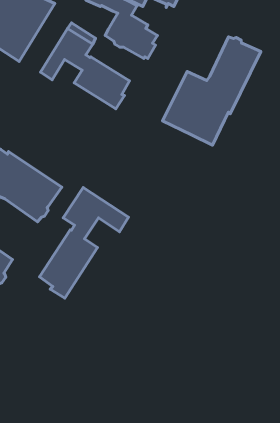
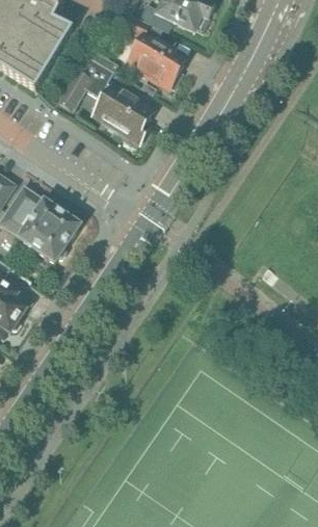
building: [162,37,261,145] -> none
building: [40,188,129,298] -> none

